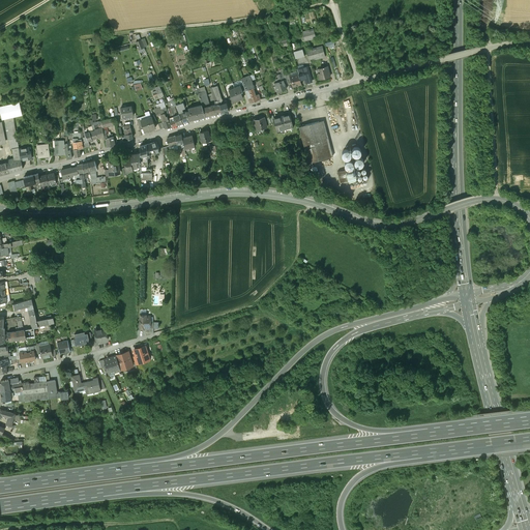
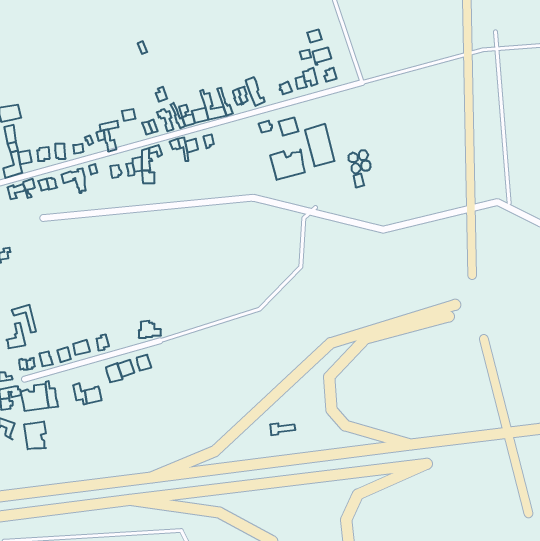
building: none -> [270,149,305,180]
building: none -> [24,421,46,449]

